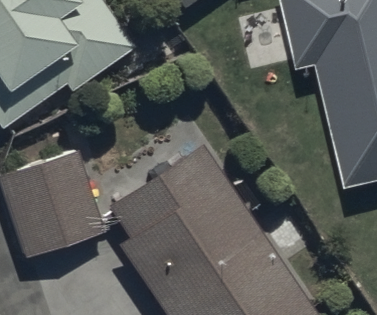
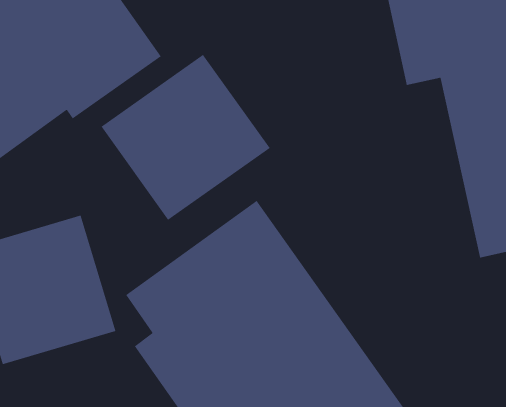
building: none -> [100,54,271,221]

